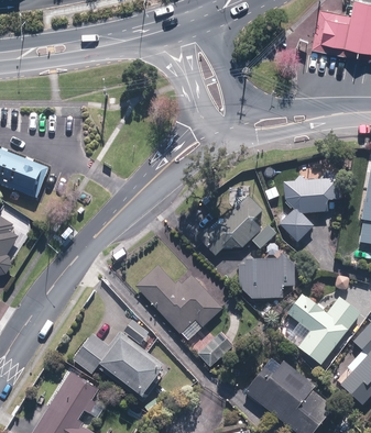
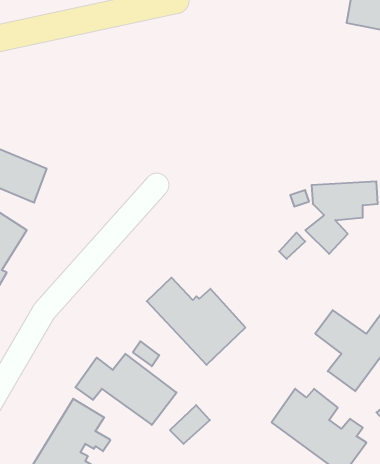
building: [197,196,263,255] -> none
building: [238,253,295,300] -> none
building: [198,332,233,366] -> [170,405,210,444]

